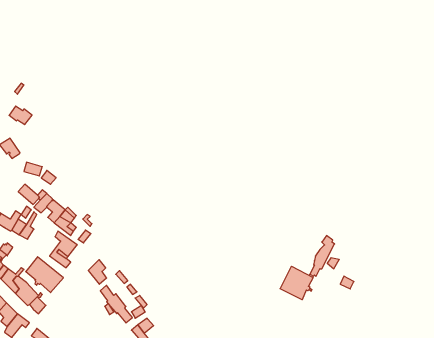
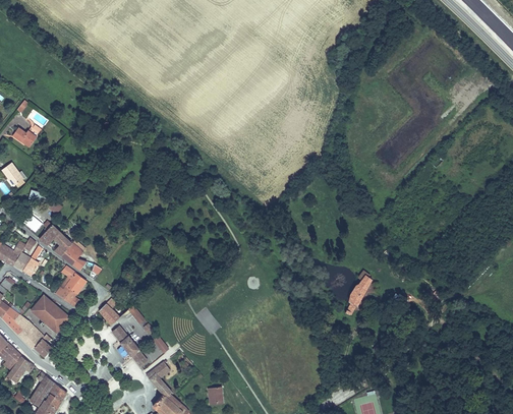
building: [280,266,313,300] -> none

